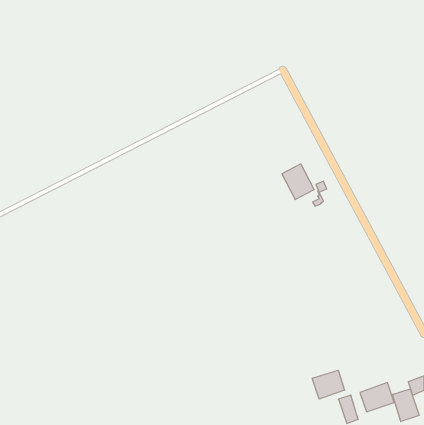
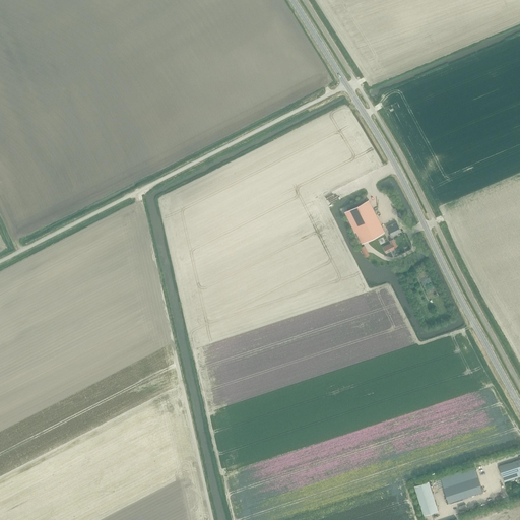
building: [312,370,345,399] -> none
building: [392,389,419,422] -> none

